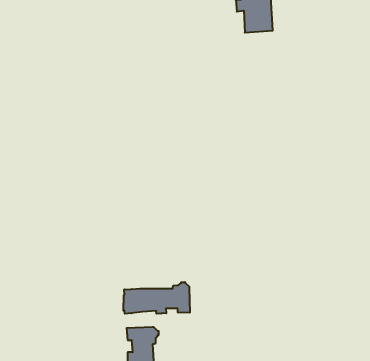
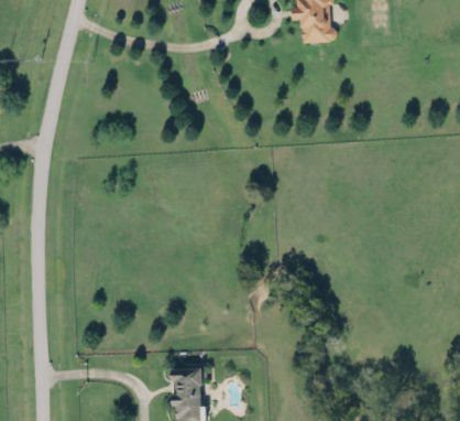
building: [124,282,190,314] -> none

